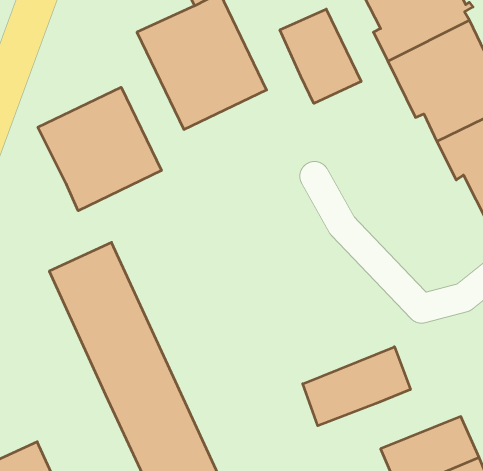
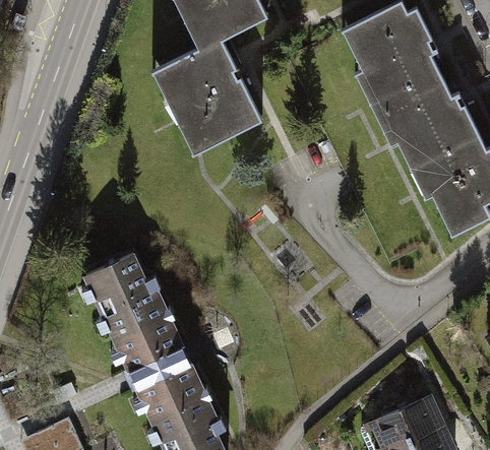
building: [280,9,361,103] -> none
building: [38,87,161,211] -> none
building: [303,347,410,426] -> none

